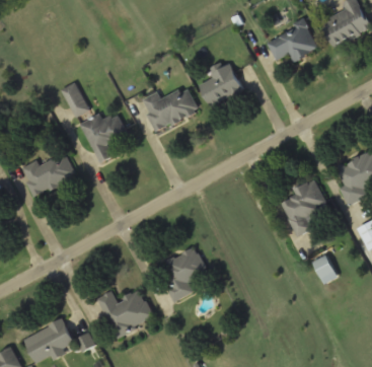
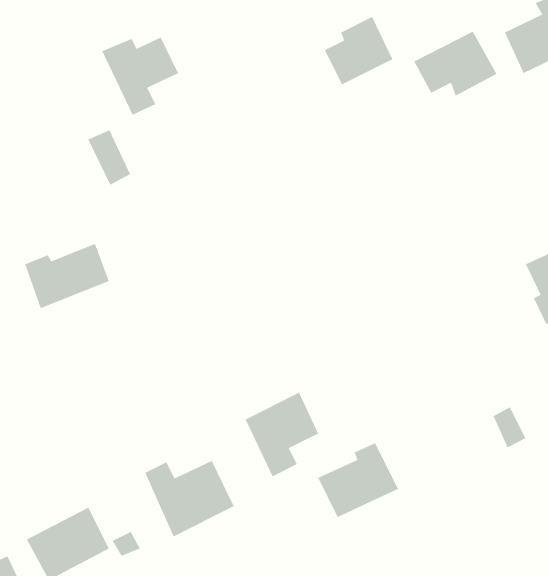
building: [200,63,243,106] -> [324,16,394,85]
building: [142,88,199,131] -> none
building: [80,113,129,162] -> [101,36,179,116]
building: [282,178,328,236] -> none
building: none -> [317,442,399,518]

